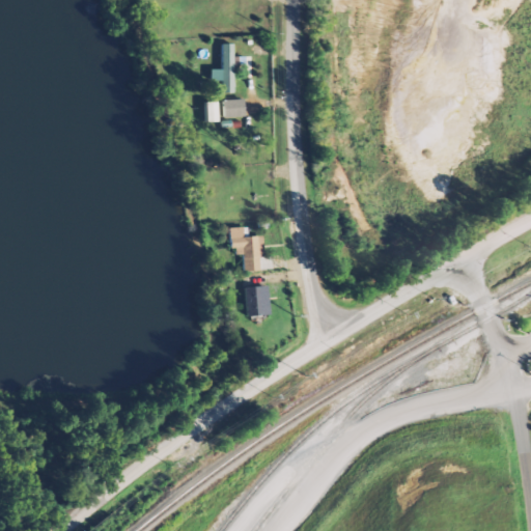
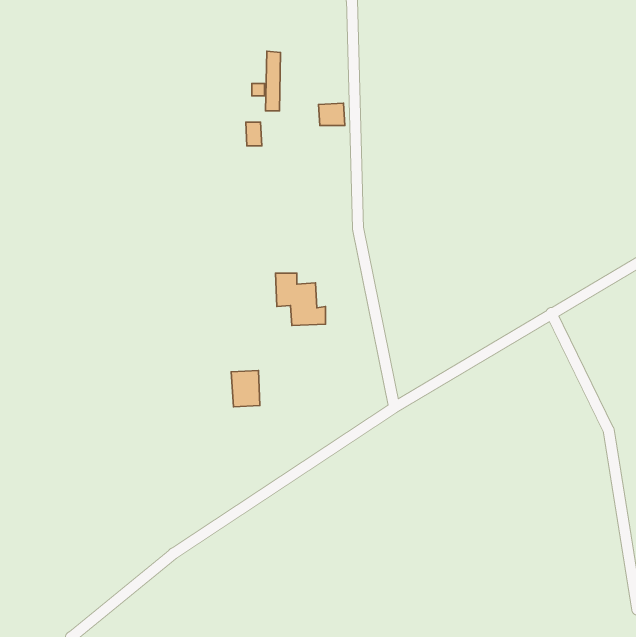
building: [223,99,245,117] -> [319,103,345,126]
building: [245,285,269,315] -> [231,371,260,407]

